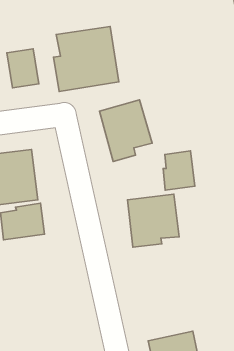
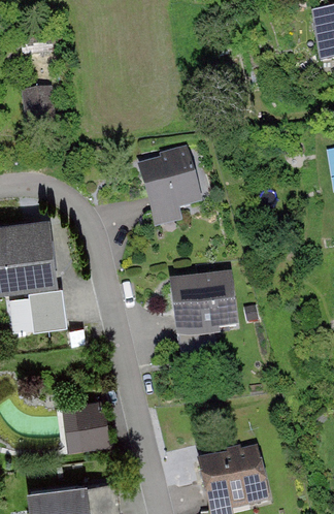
building: [53,26,119,91] -> none
building: [163,151,195,190] -> none
building: none -> [72,394,112,443]

